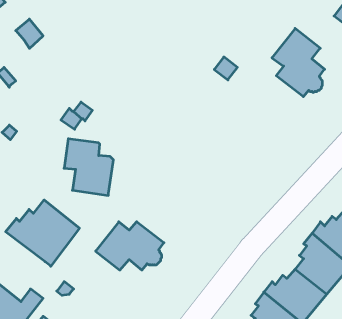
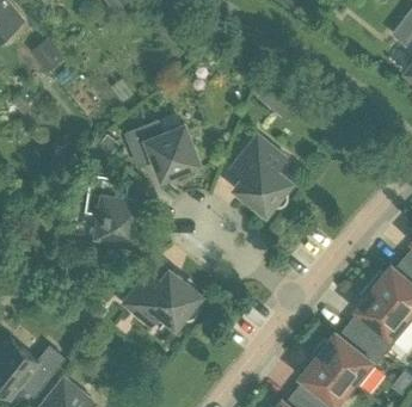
building: [272,28,325,97] -> [230,135,290,212]
building: none -> [125,122,199,181]
building: [6,200,79,266] -> none

